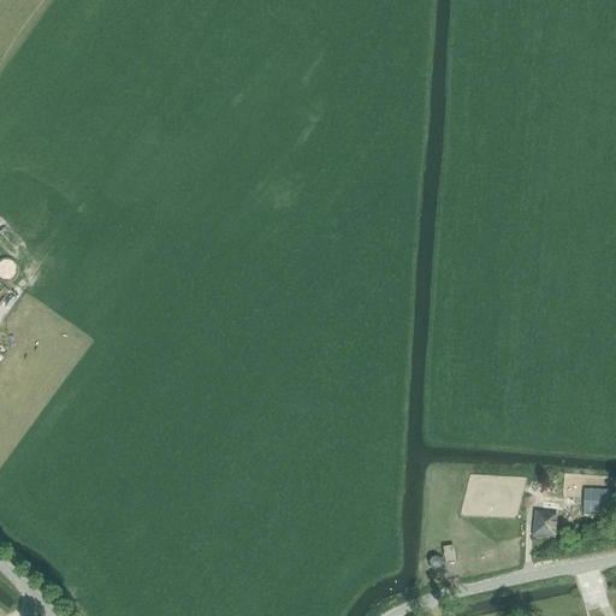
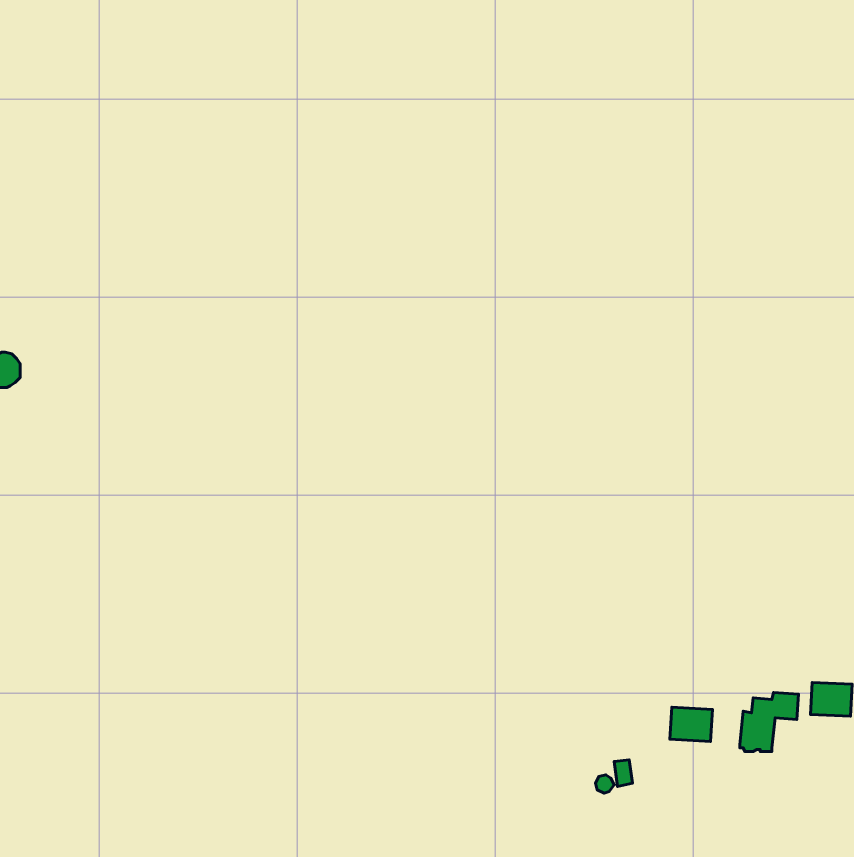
building: none -> [670,707,712,742]

